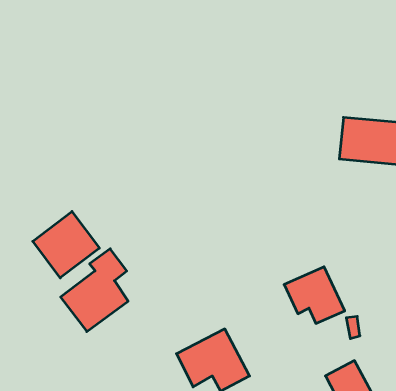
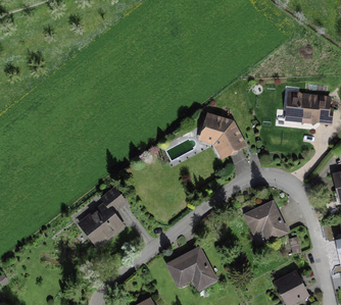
building: none -> [199,113,247,159]
building: [33,211,99,278] -> none

